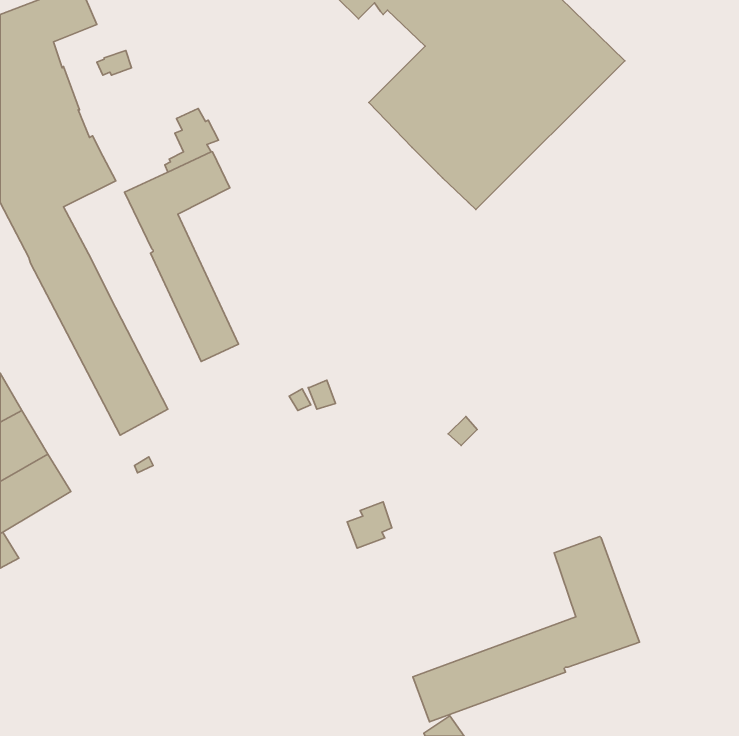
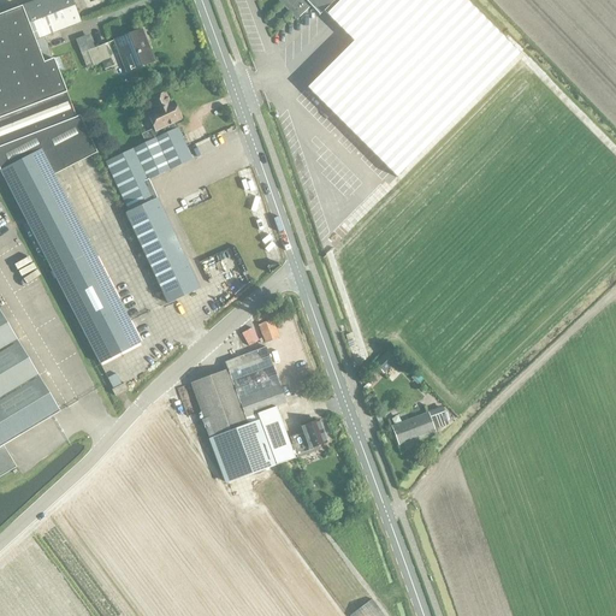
building: none -> [113,26,154,70]
building: none -> [190,344,295,480]
building: none -> [391,405,449,442]
building: [413,537,639,722] -> none

